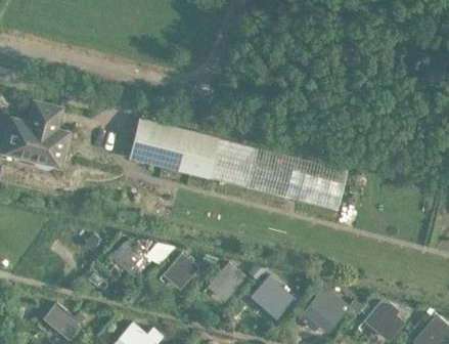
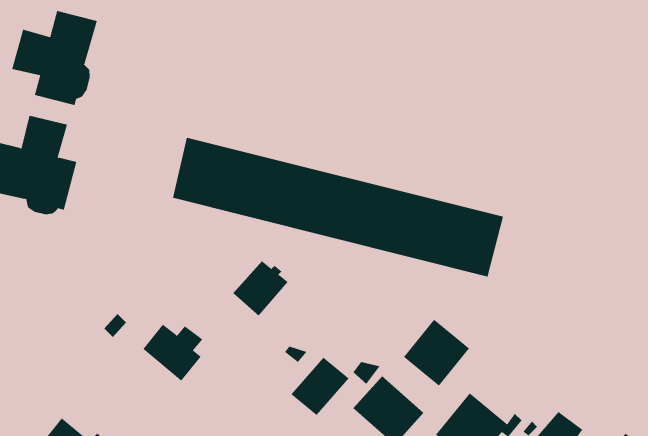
building: none -> [12,10,97,106]
building: none -> [403,319,470,386]
building: [162,253,198,290] -> [232,261,288,317]

